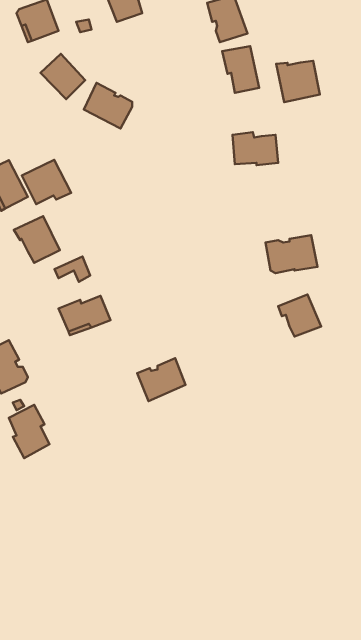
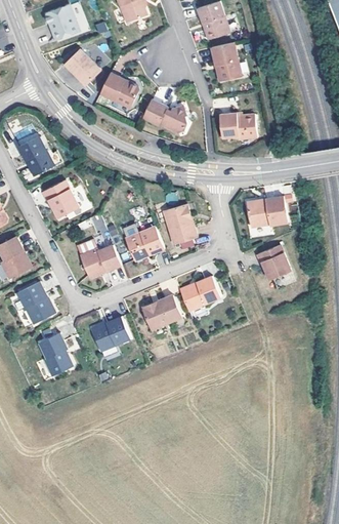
building: [276,61,320,102] -> none
building: none -> [142,99,186,132]
building: [22,160,71,204] -> none
building: none -> [159,202,195,242]
building: none -> [125,226,164,259]
building: none -> [178,276,221,311]
building: none -> [90,317,129,352]

